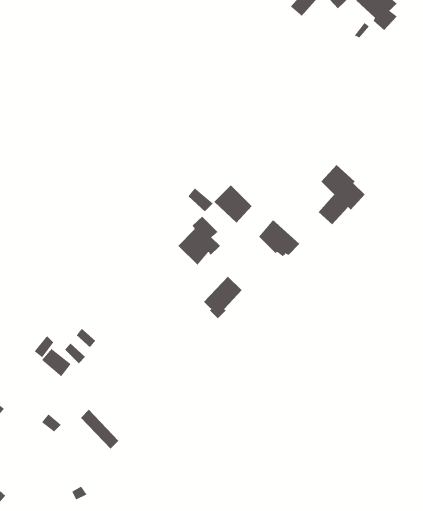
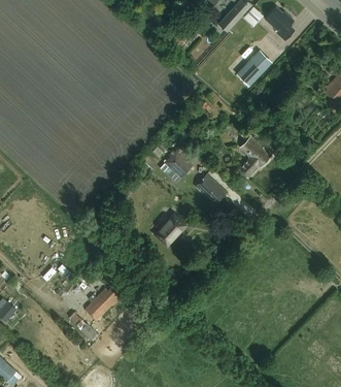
building: none -> [235,47,271,86]
building: [178,216,221,265] -> none
building: none -> [84,287,121,320]

